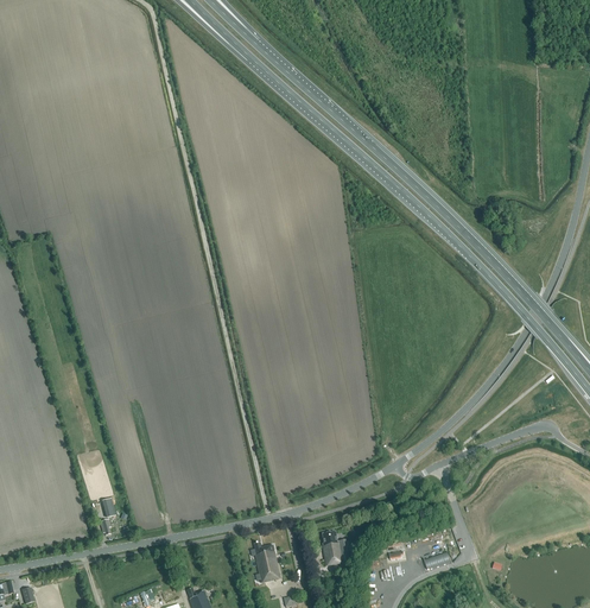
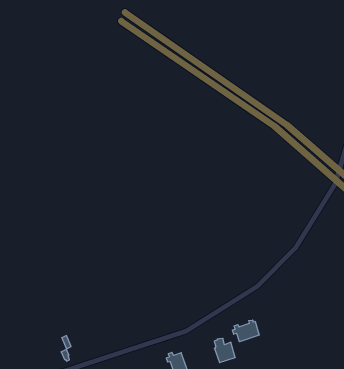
building: none -> [232,320,259,342]

